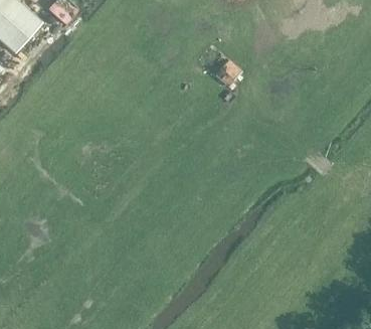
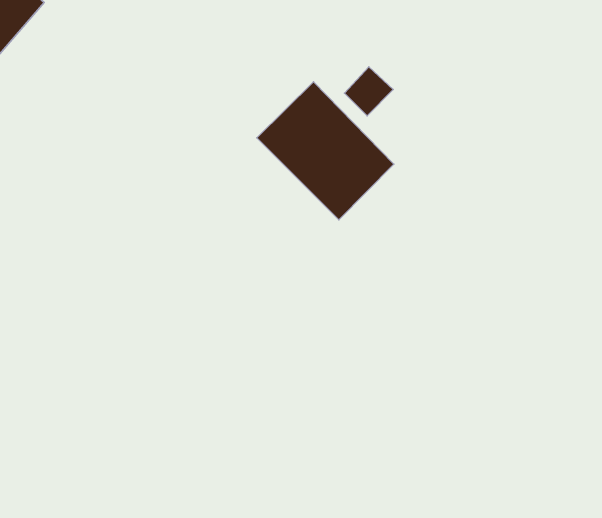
building: none -> [257,82,394,220]

